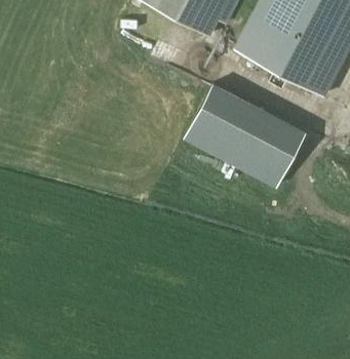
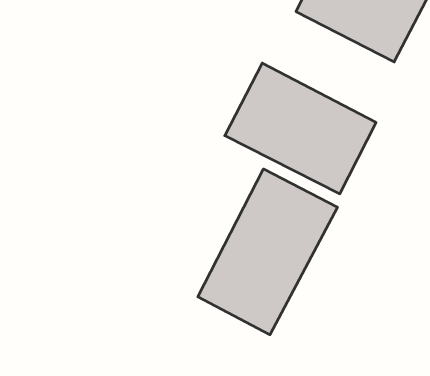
building: none -> [198,169,337,335]

